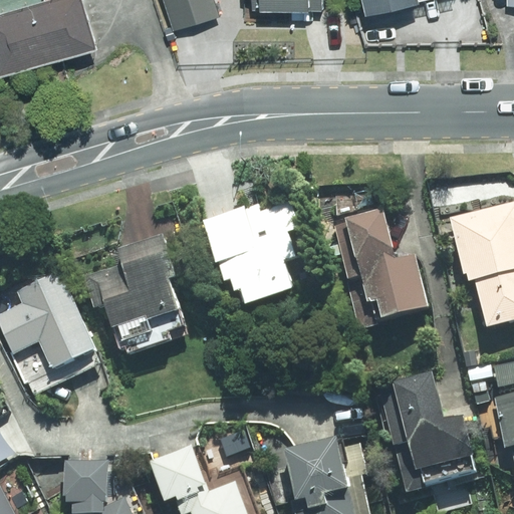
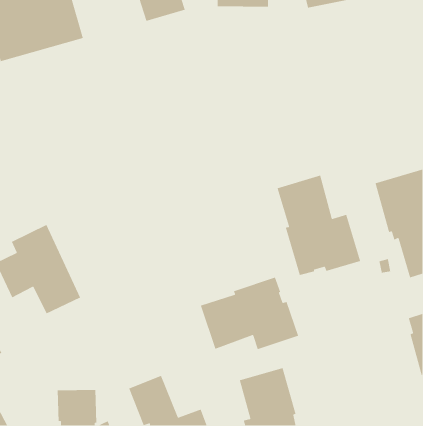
building: [203,200,303,313] -> none
building: [82,237,187,355] -> none
building: none -> [200,276,299,350]
building: [376,373,475,498] -> none

